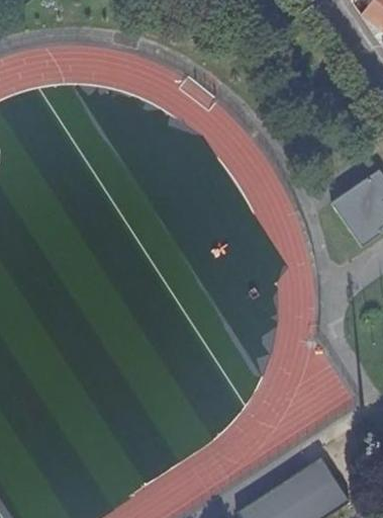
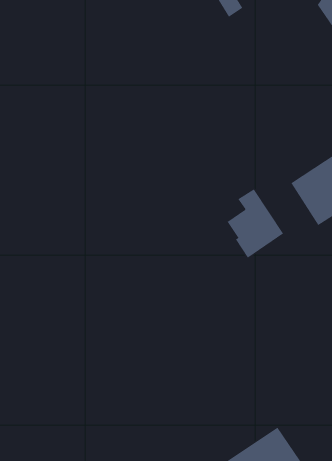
building: none -> [227,188,284,258]

